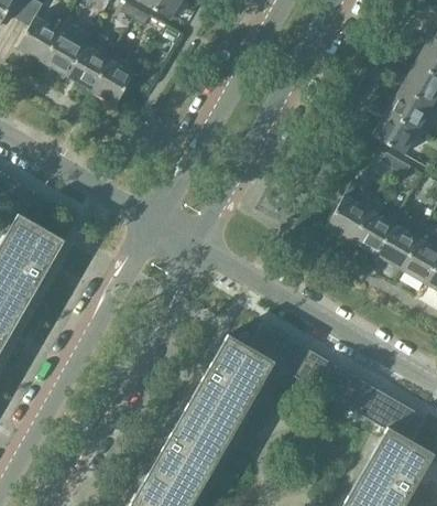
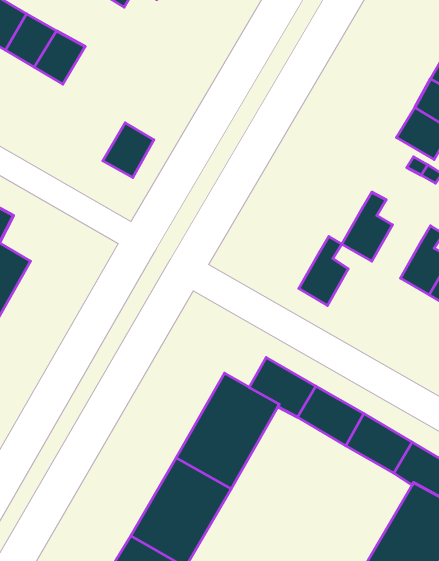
building: [89,60,132,106] -> [103,123,154,178]
building: [350,197,392,256] -> [299,236,348,305]

